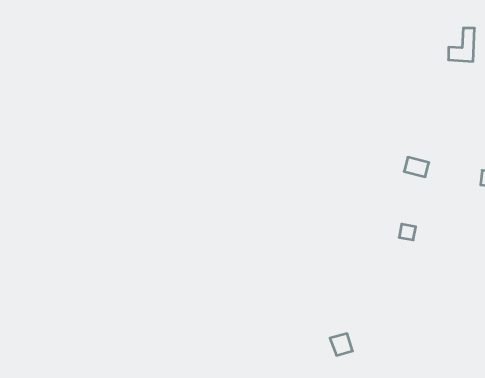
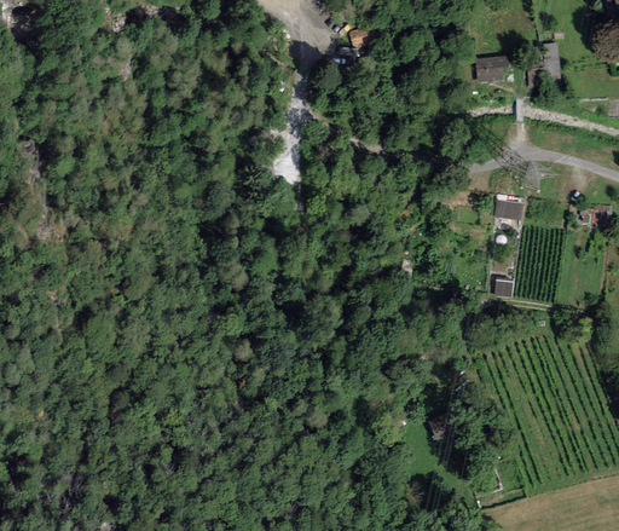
building: none -> [474,56,509,82]

